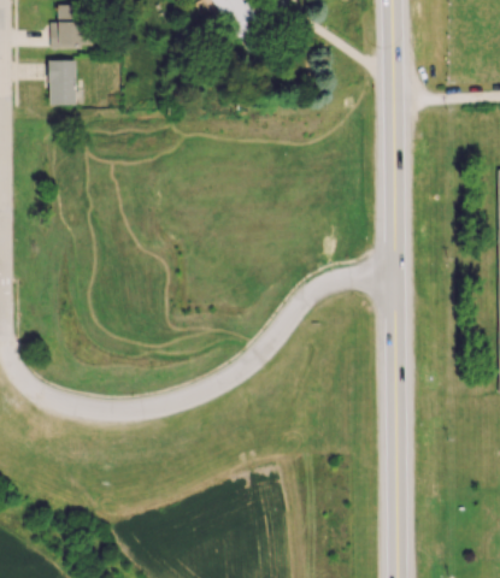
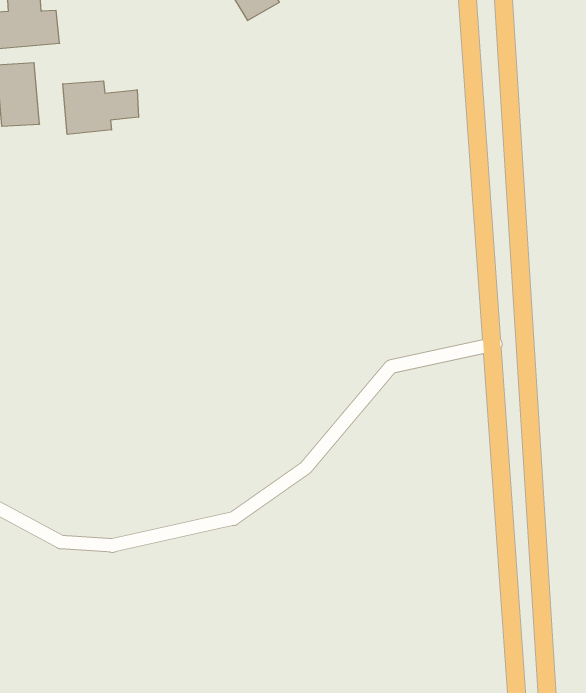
building: none -> [63,81,139,134]

